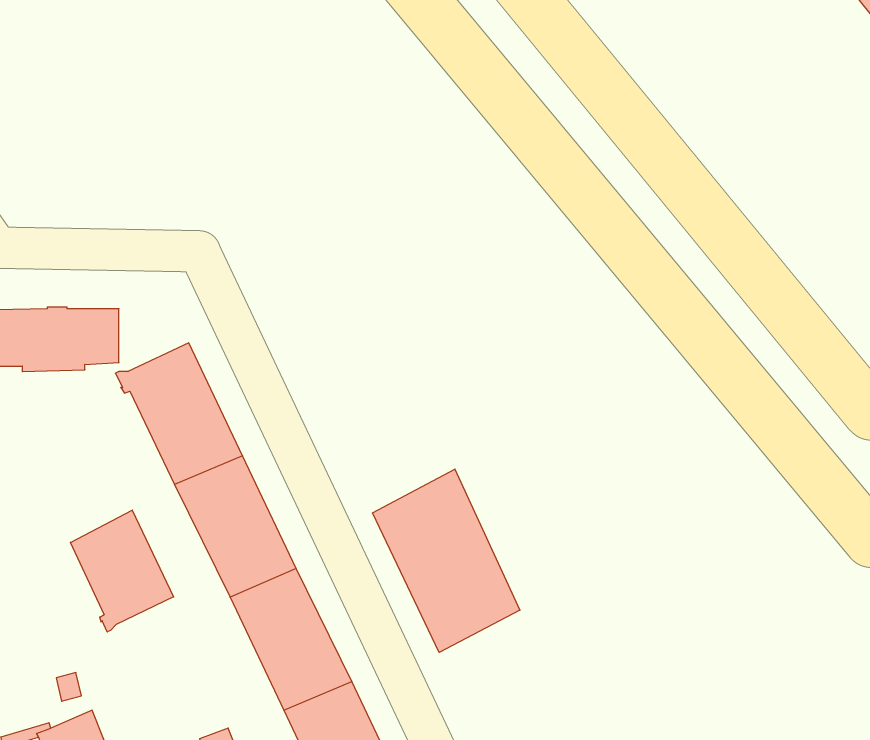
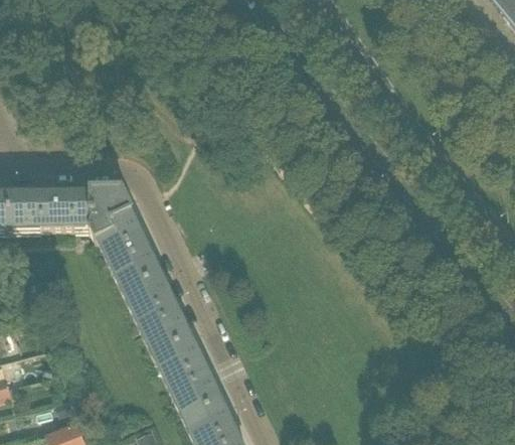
building: none -> [92,188,133,227]
building: [373,469,520,652] -> none
building: [70,510,174,632] -> none

